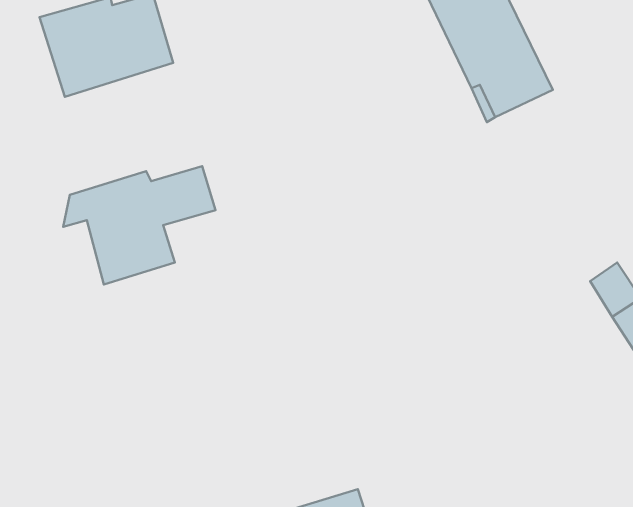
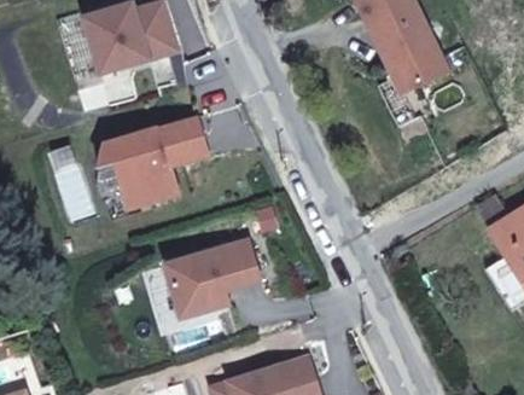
building: none -> [163,239,260,319]

